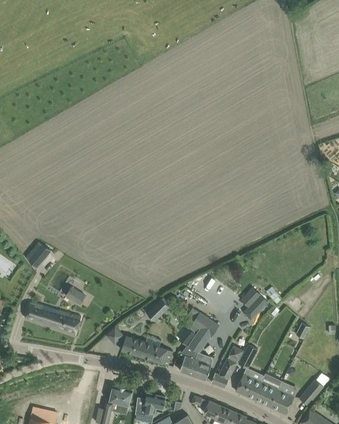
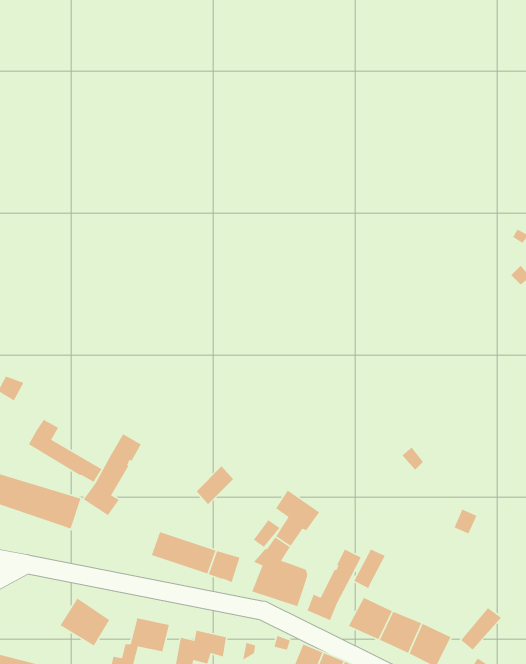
building: none -> [83,433,142,516]
building: [243,287,269,319] -> none
building: none -> [60,598,110,647]

